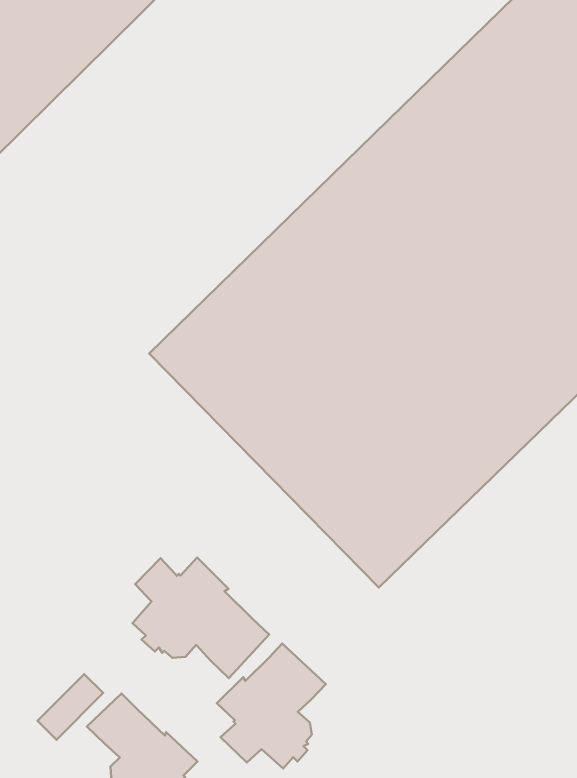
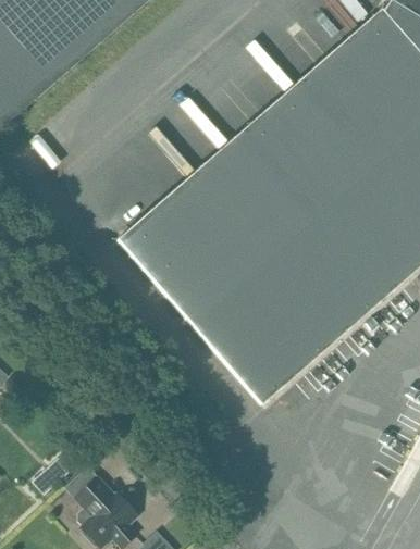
building: [132,558,269,678] -> none
building: [217,644,326,769] -> none

